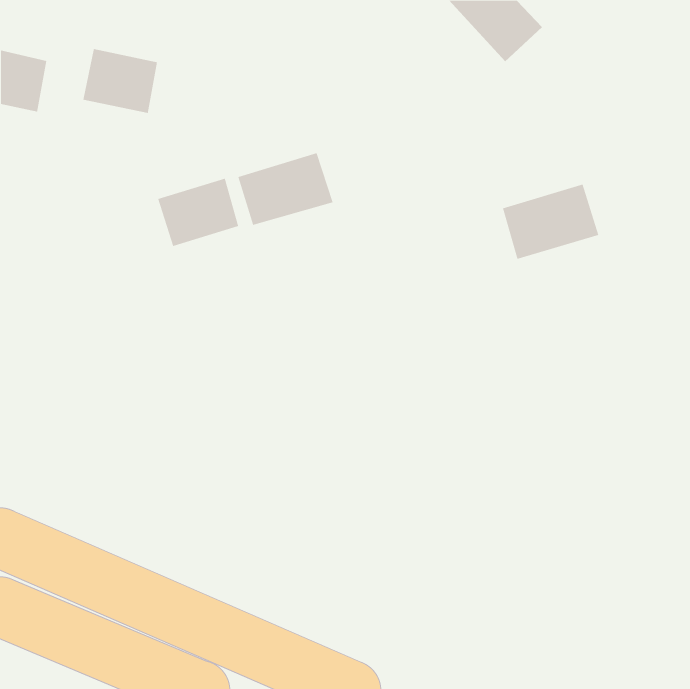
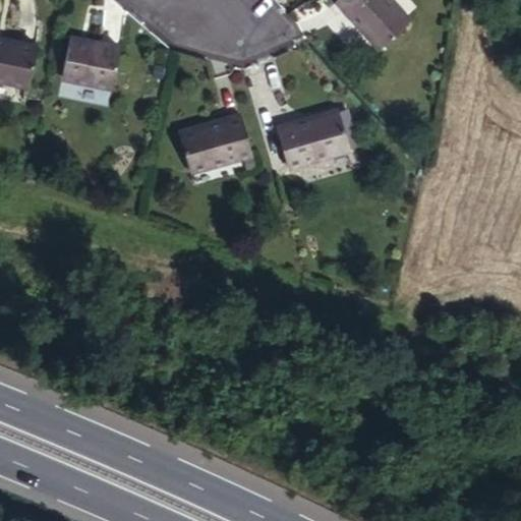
building: [158,178,239,247] -> none
building: [502,184,599,260] -> [276,110,349,167]

